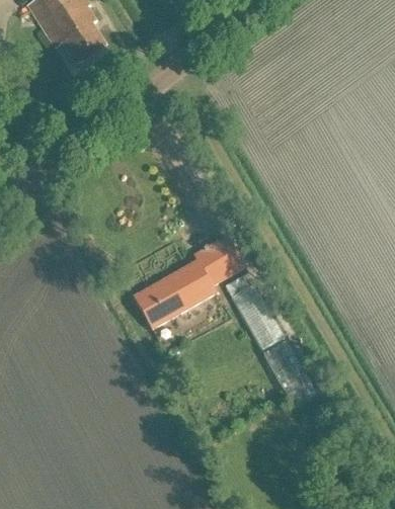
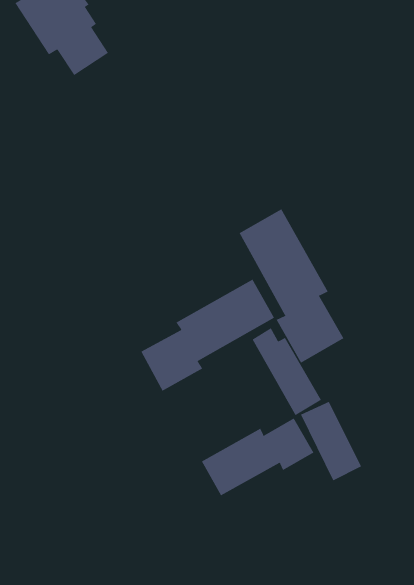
building: none -> [239,209,344,364]
building: none -> [201,417,314,496]

